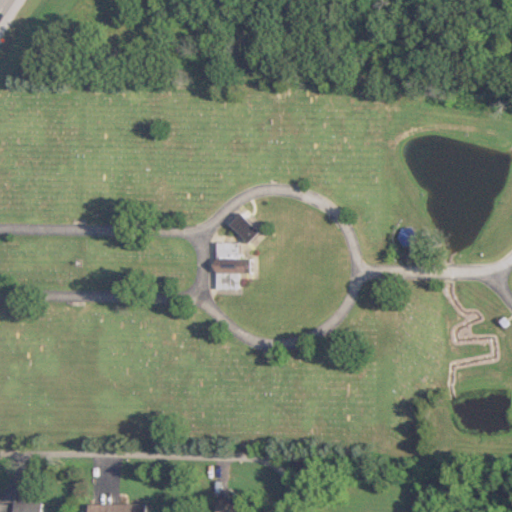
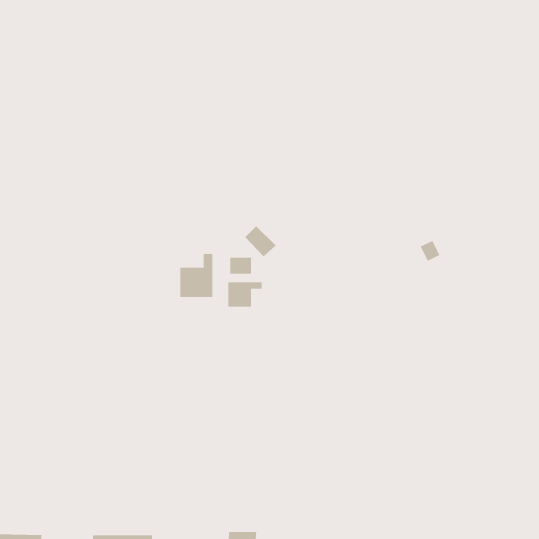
building: none -> [180,253,213,298]

